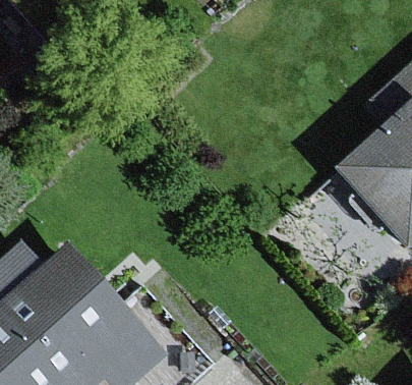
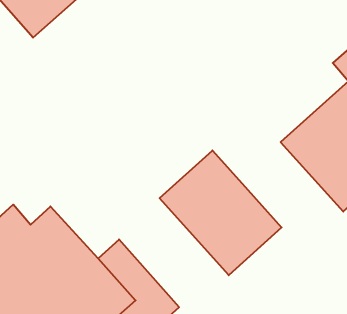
building: none -> [160,150,282,275]

